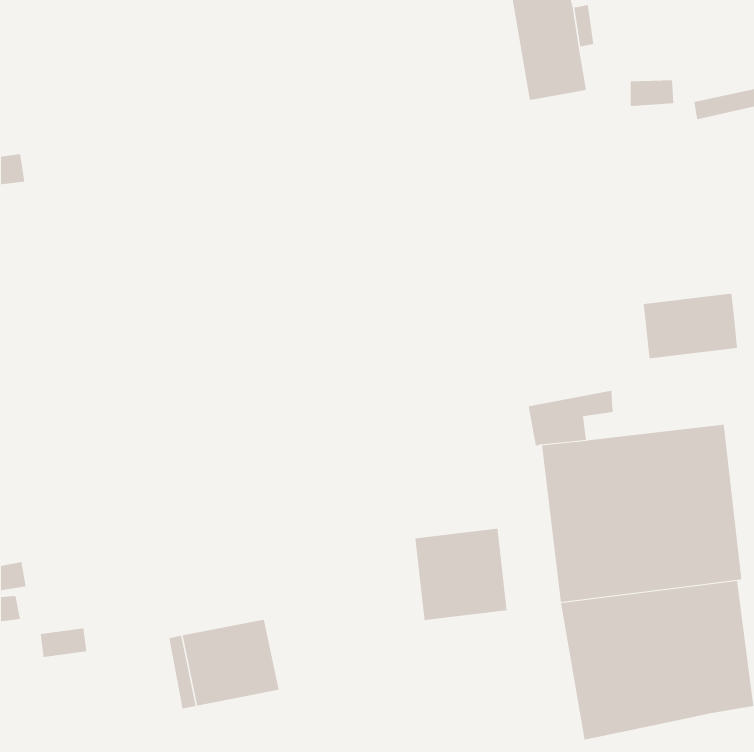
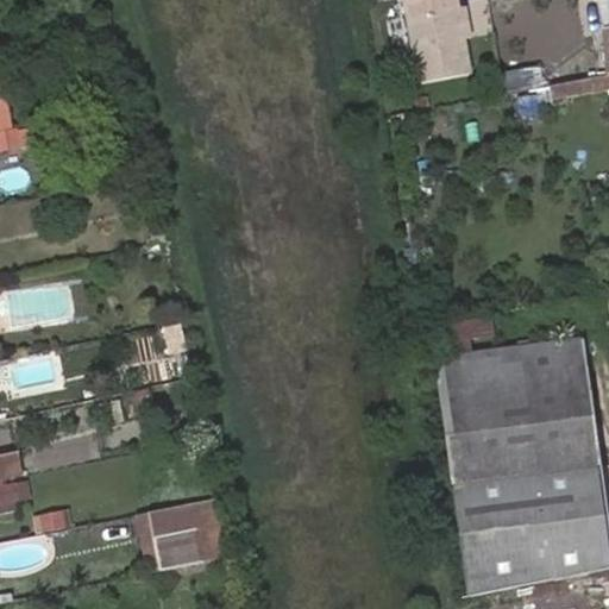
building: [643,293,738,359] -> none
building: [415,528,507,621] -> none

